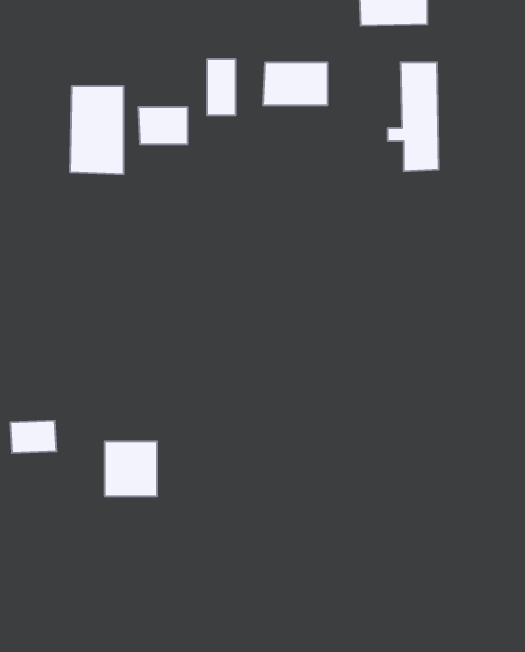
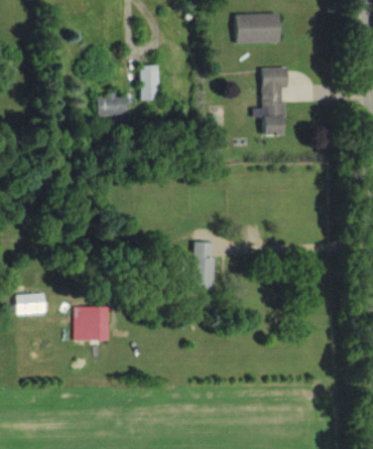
building: [263,62,327,105] -> none
building: [70,86,123,174] -> none
building: none -> [193,243,214,289]

